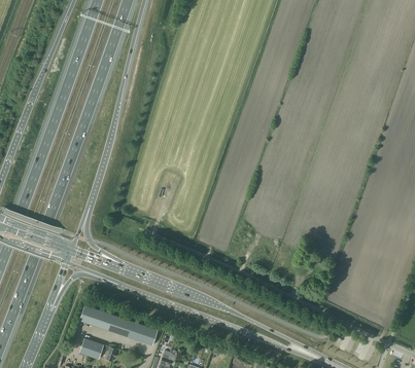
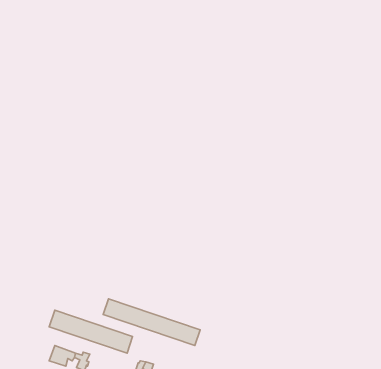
building: none -> [103,299,200,345]

